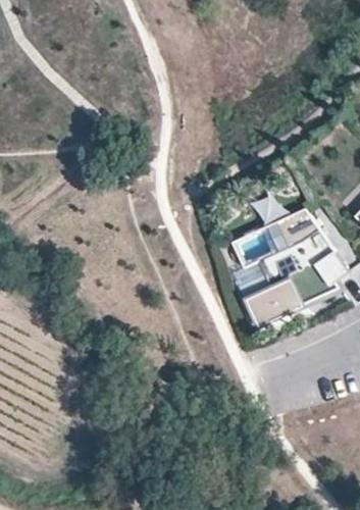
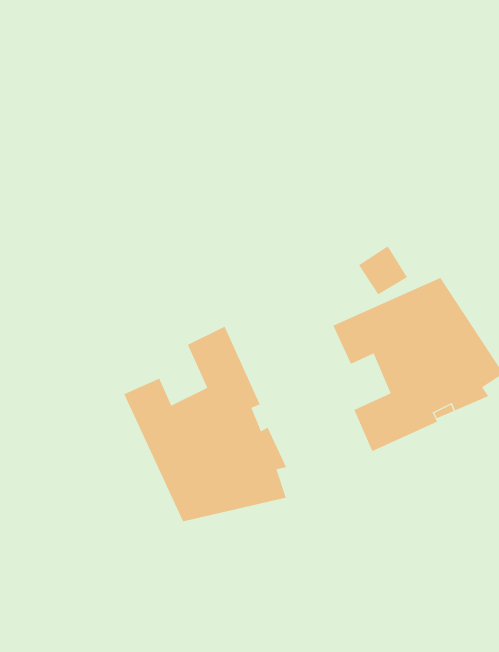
building: none -> [123,326,287,522]

